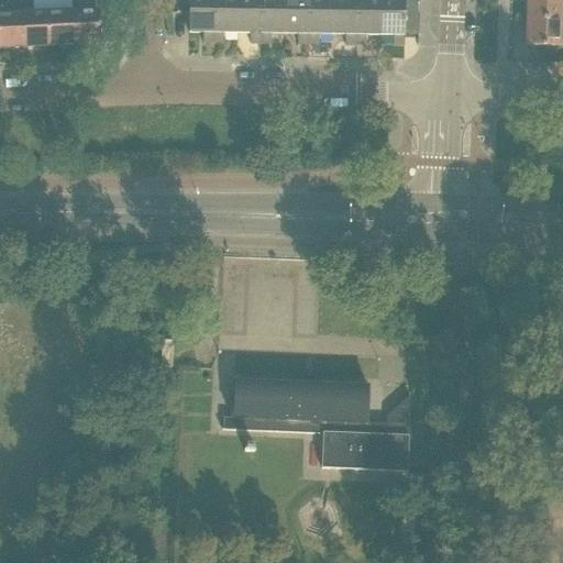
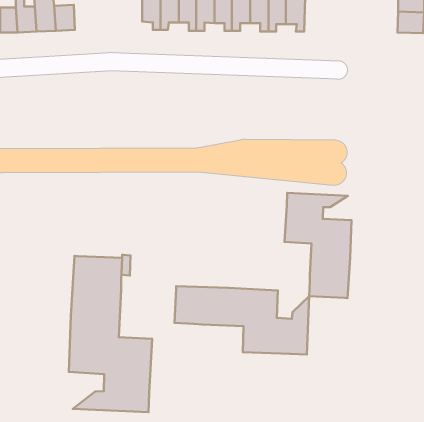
building: none -> [285,193,351,298]
building: none -> [69,256,152,412]

